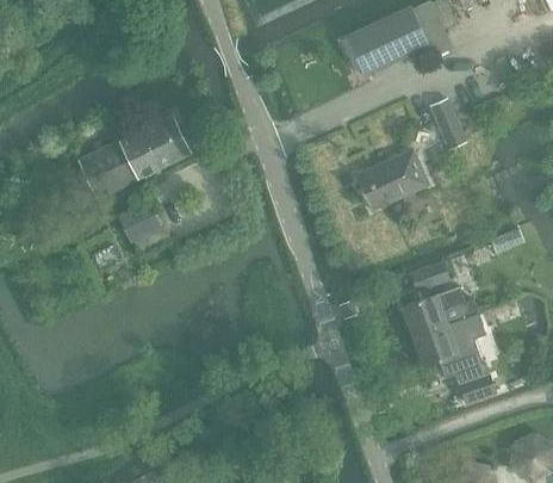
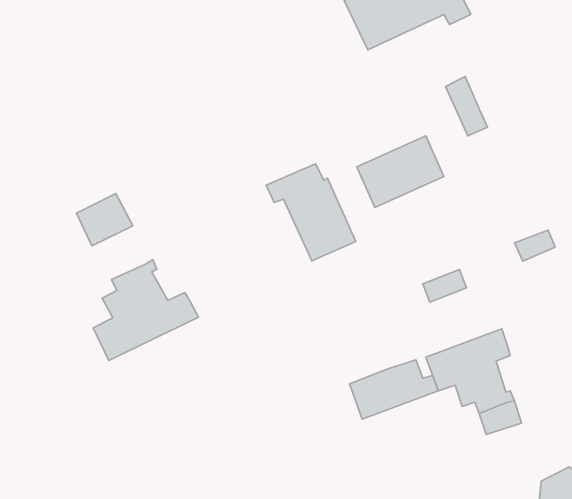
building: [79,114,191,198] -> none
building: none -> [266,164,356,261]
building: none -> [93,259,198,360]
building: [403,286,478,336] -> [350,360,438,419]

